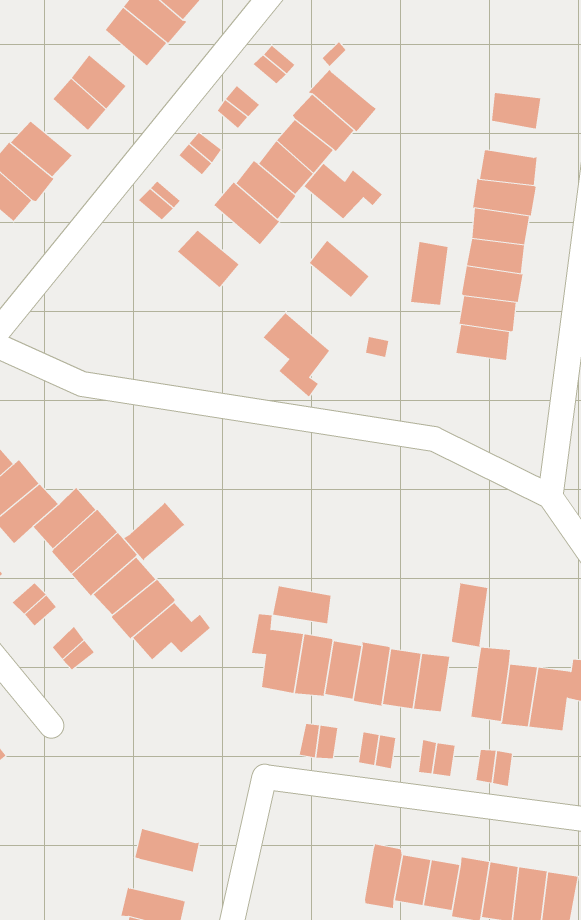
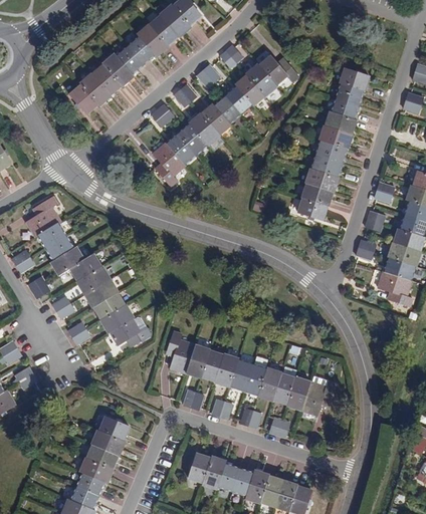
building: none -> [137,23,168,56]
building: none -> [338,73,368,97]
building: none -> [102,52,134,84]
building: none -> [330,103,357,125]
building: [303,163,383,219] -> [259,55,298,85]
building: [309,240,369,298] -> [178,122,207,154]
building: [411,241,448,305] -> none
building: [263,311,331,398] -> [152,141,185,186]
building: [123,502,185,561] -> none
building: [451,583,488,647] -> [258,367,281,402]
building: [273,585,331,624] -> none
building: none -> [99,416,130,440]
building: none -> [189,453,212,483]
building: none -> [86,443,119,468]

